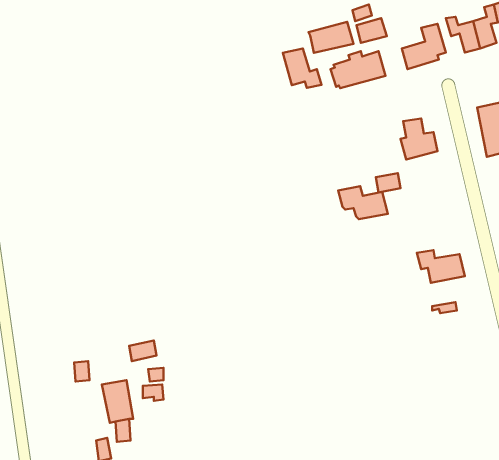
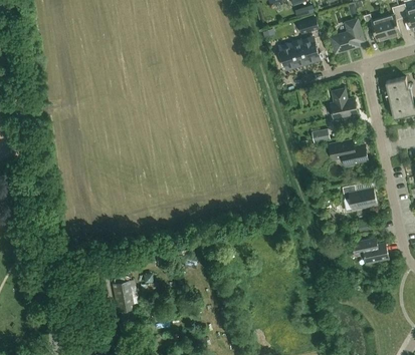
building: [308,22,353,53] -> none
building: [283,48,322,88] -> none
building: [338,186,388,219] -> [332,140,368,164]
building: none -> [352,237,388,263]

